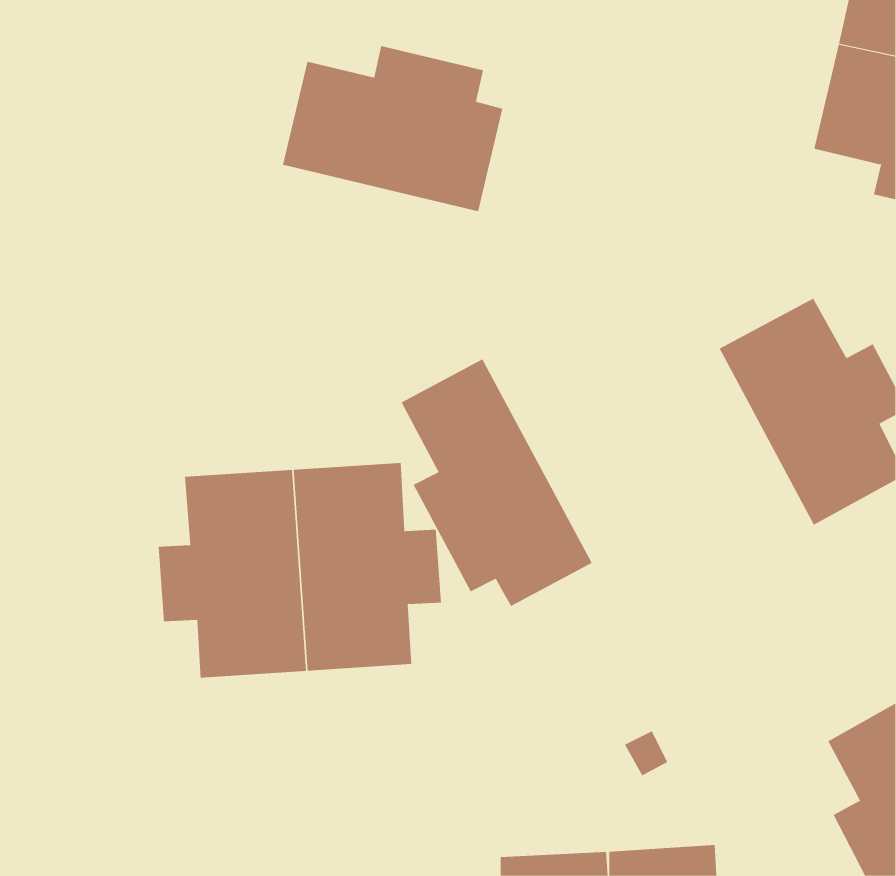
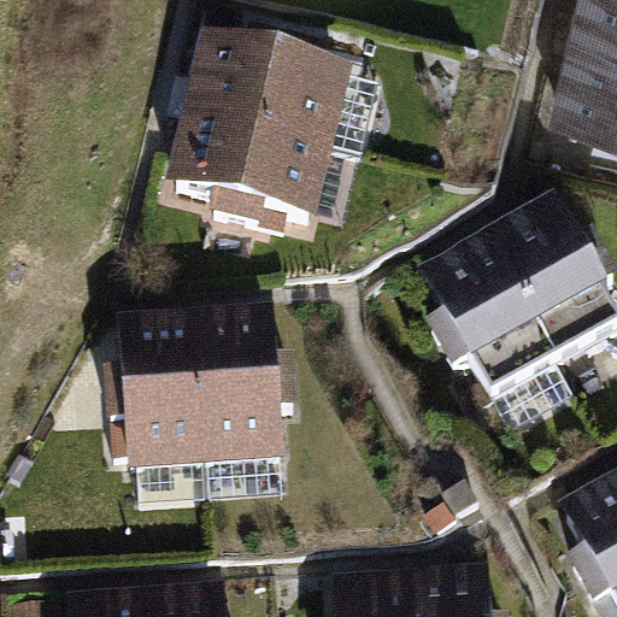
building: none -> [177,114,329,234]
building: none -> [429,241,559,406]
building: [401,359,593,607] -> none

